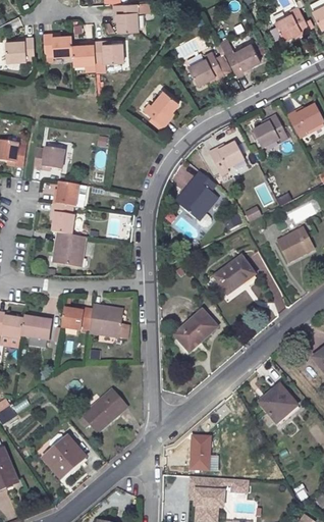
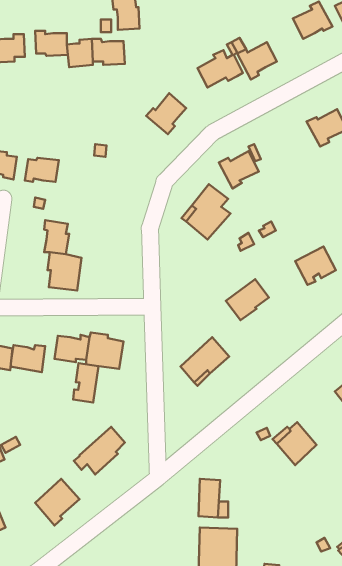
building: [254,115,288,148] -> none
building: [53,182,79,207] -> none
building: none -> [73,363,99,402]

